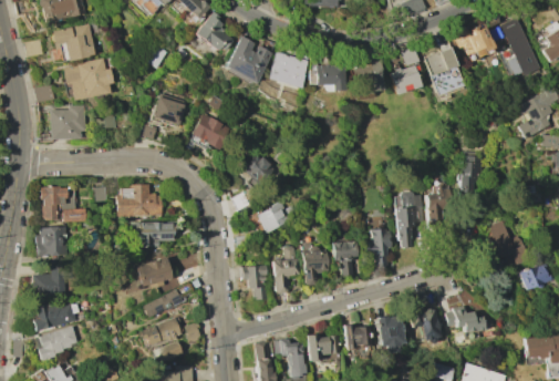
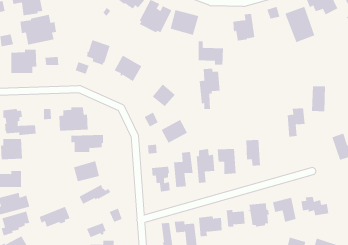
building: [310,56,345,90] -> [198,41,224,65]
building: [389,65,421,94] -> none
building: [395,190,425,247] -> [199,68,221,110]
building: [139,317,183,346] -> [39,206,70,227]

